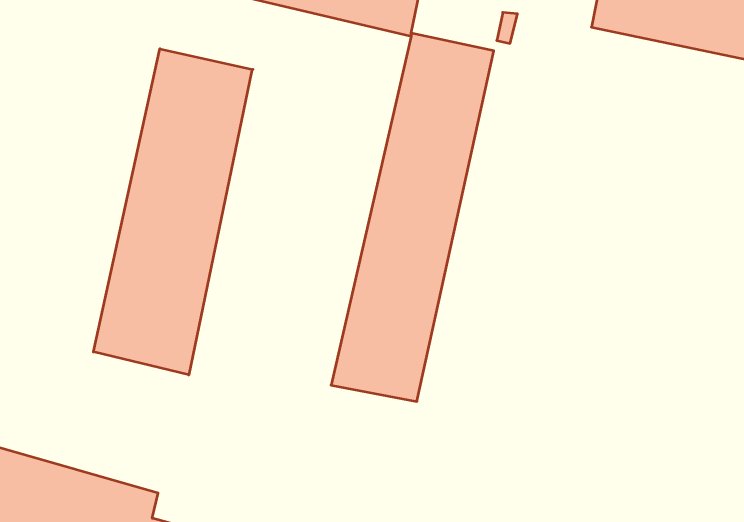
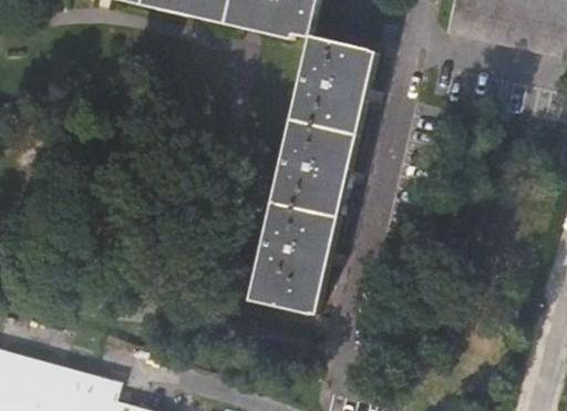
building: [93,49,253,375] -> none

